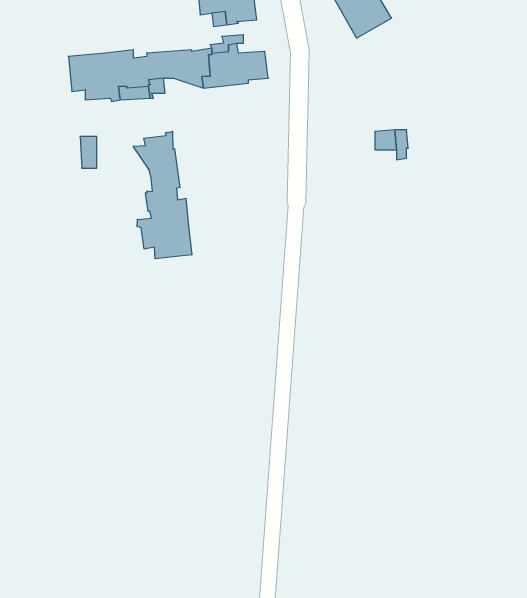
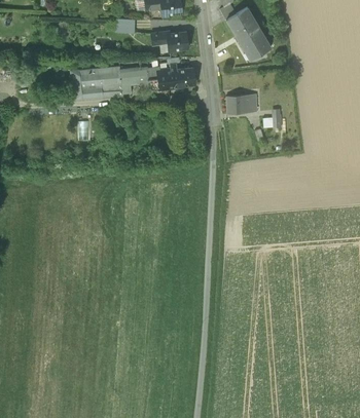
building: none -> [227,94,251,114]
building: [133,131,192,259] -> none

